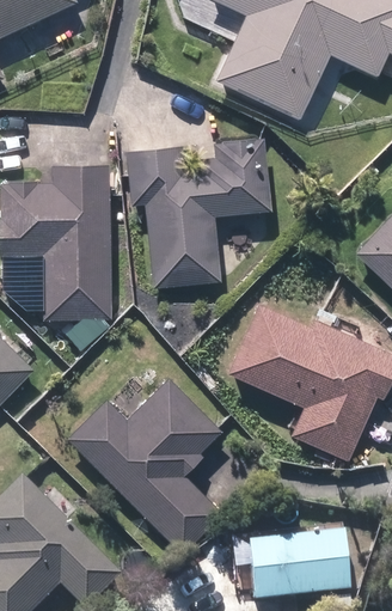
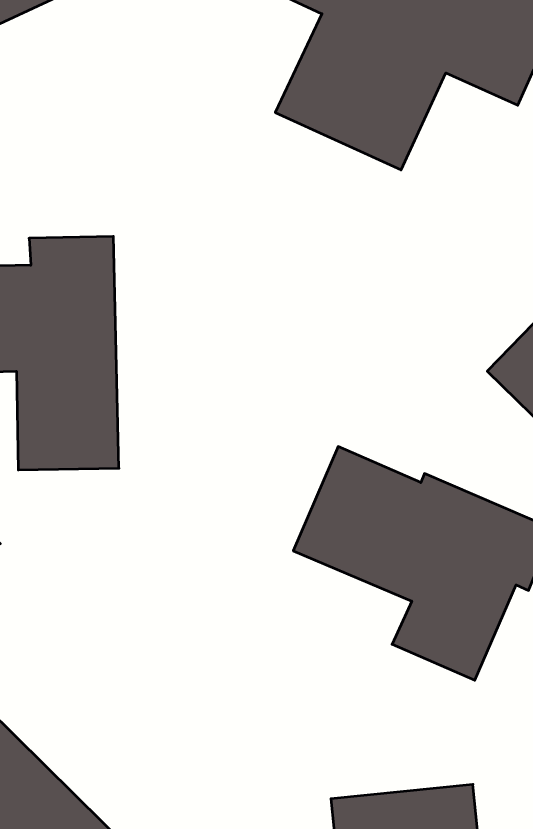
building: [128,140,270,288] -> none
building: [68,379,220,552] -> none

